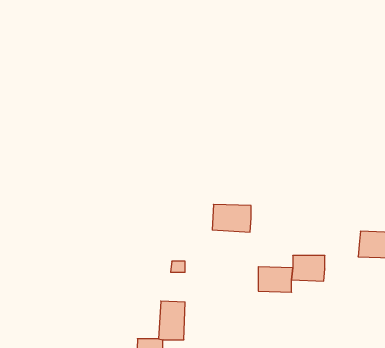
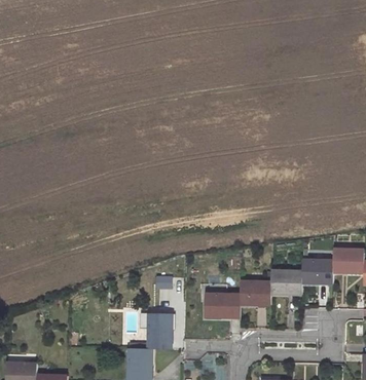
building: [212,204,251,232] -> [205,291,241,316]
building: none -> [302,259,334,282]

